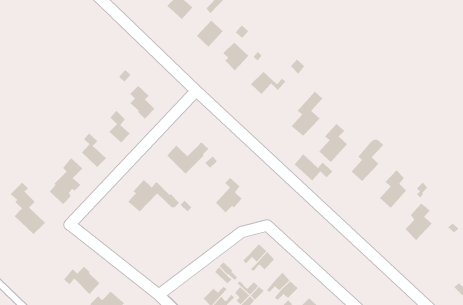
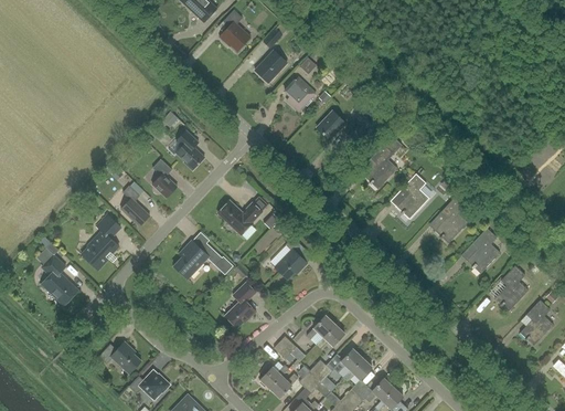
building: [294,154,333,181] -> none
building: none -> [225,282,255,326]
building: none -> [520,301,553,346]

